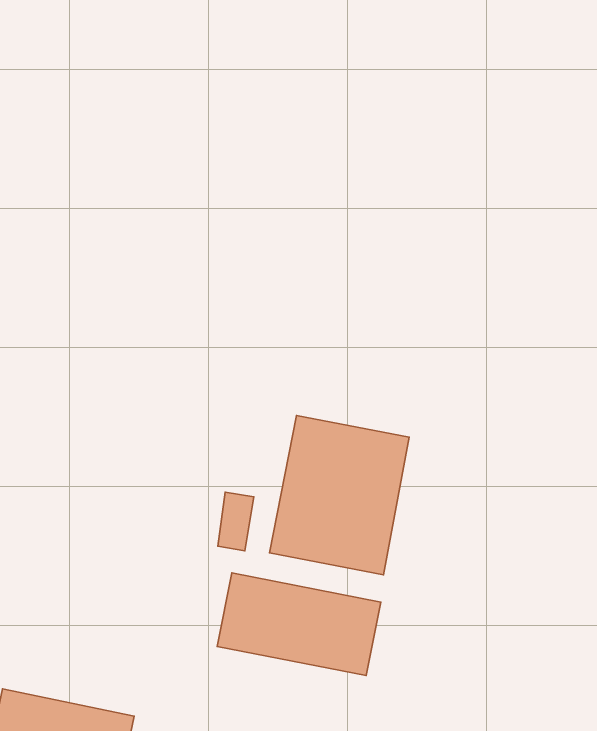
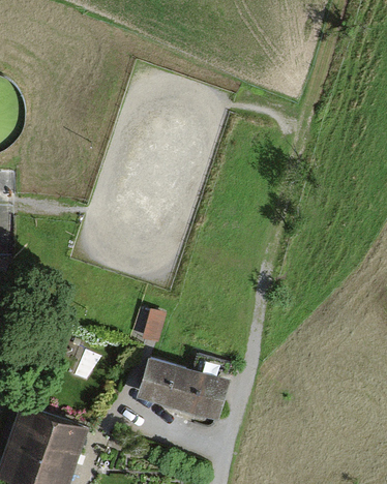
building: [270,416,409,575] -> none

